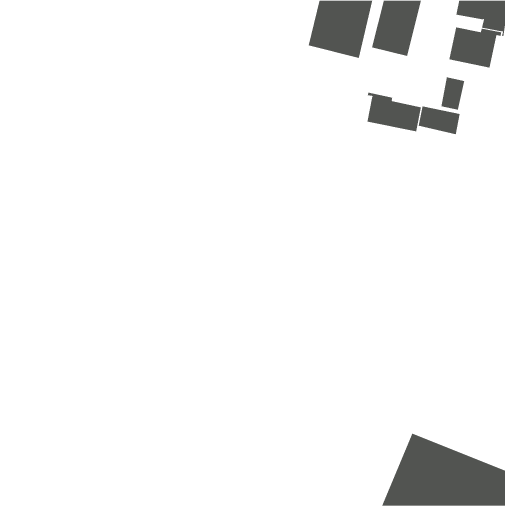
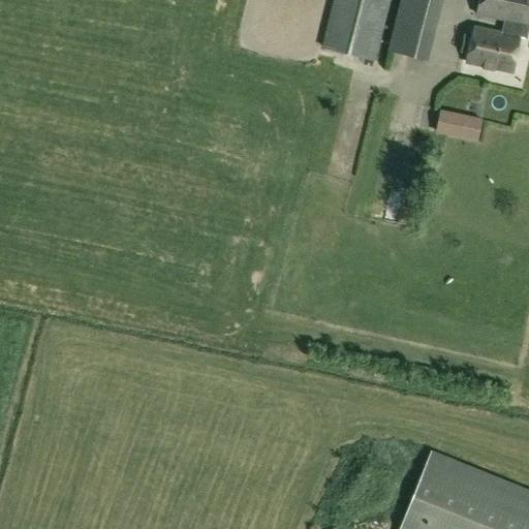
building: [441,77,465,111] -> none
building: [367,92,422,132] -> none

